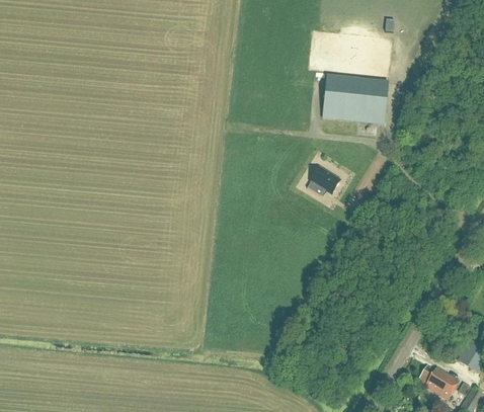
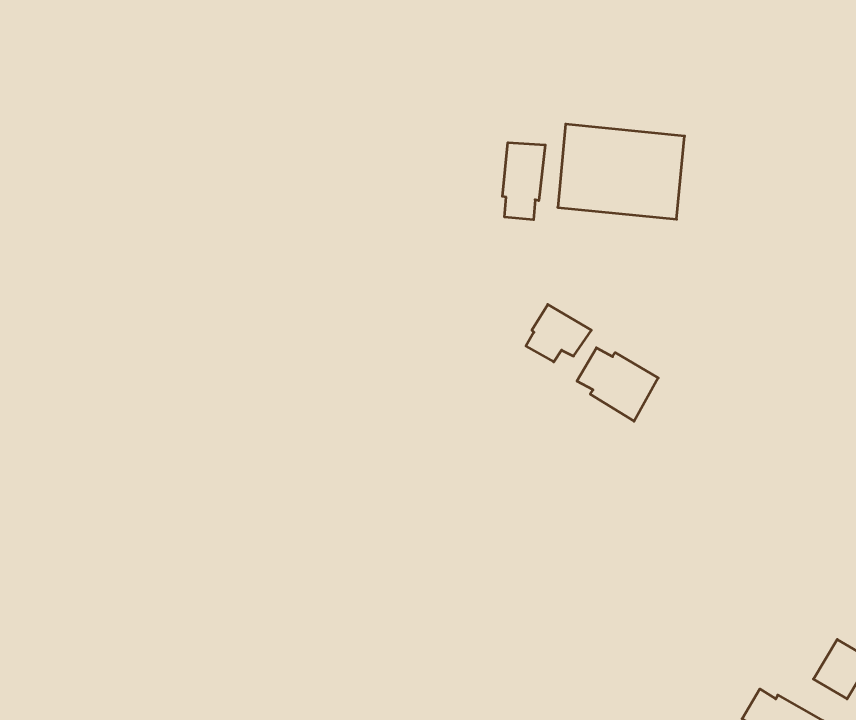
building: none -> [502,143,545,220]
building: none -> [577,348,658,421]

